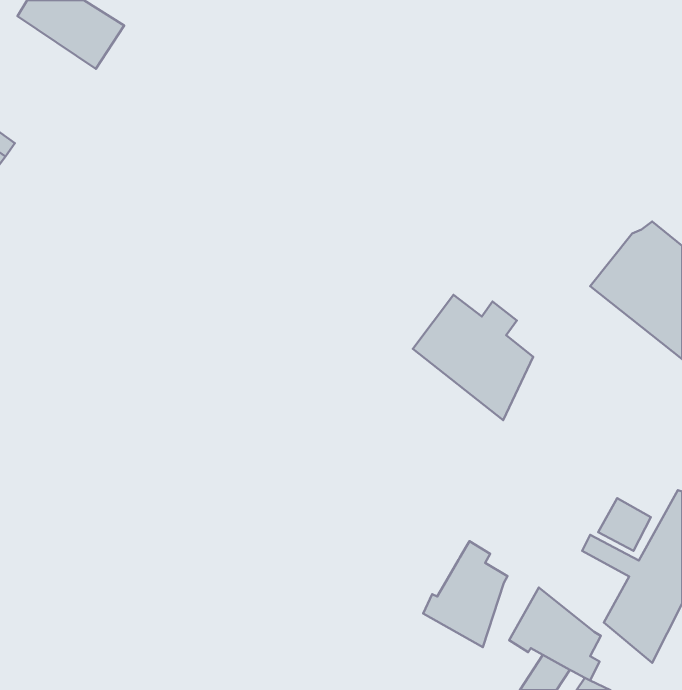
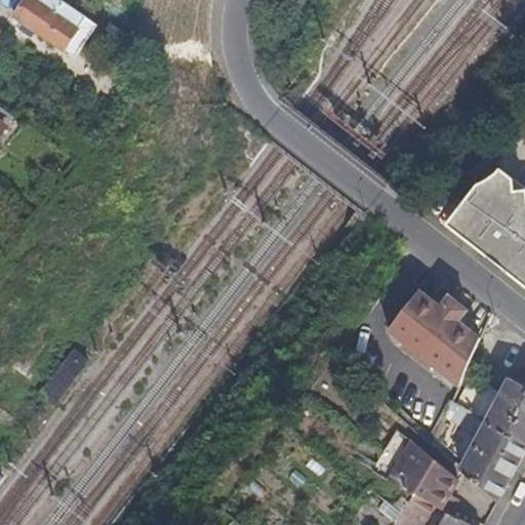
building: [413,295,533,420] -> [387,293,478,389]
building: [423,541,507,647] -> none

